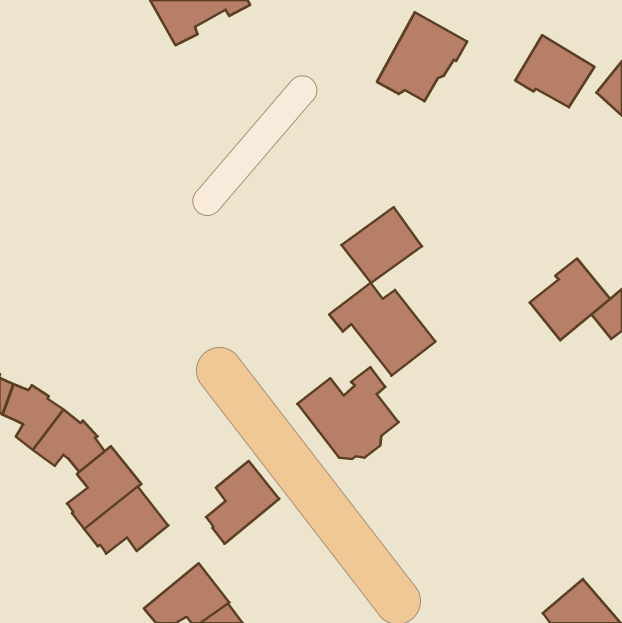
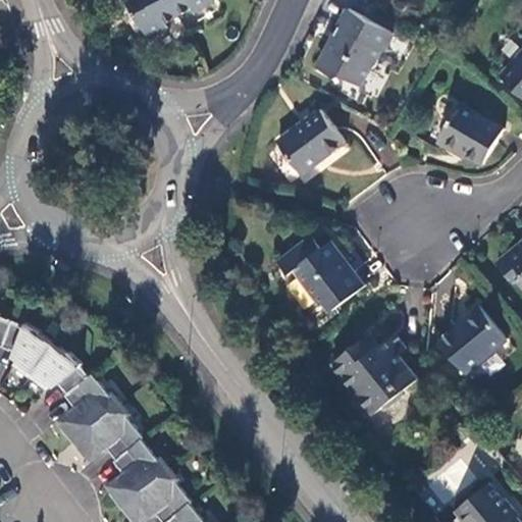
building: [515,35,594,107] -> [434,105,501,165]
building: [341,207,422,283] -> [275,111,343,174]
building: [530,259,610,340] -> [437,307,505,375]
building: [297,367,399,459] -> [331,334,416,411]
building: [206,461,279,544] -> [105,439,166,509]

